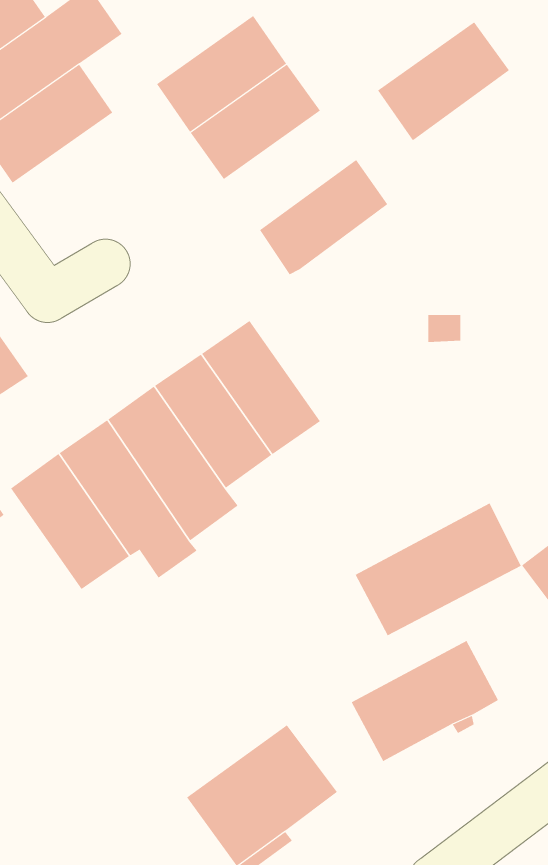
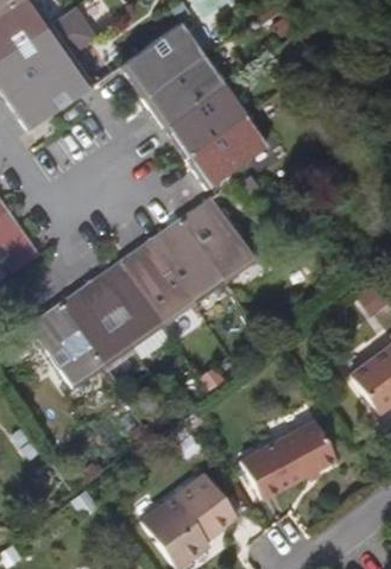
building: [377,21,510,141] -> [163,84,247,160]
building: none -> [179,196,254,282]
building: [355,503,522,636] -> none

